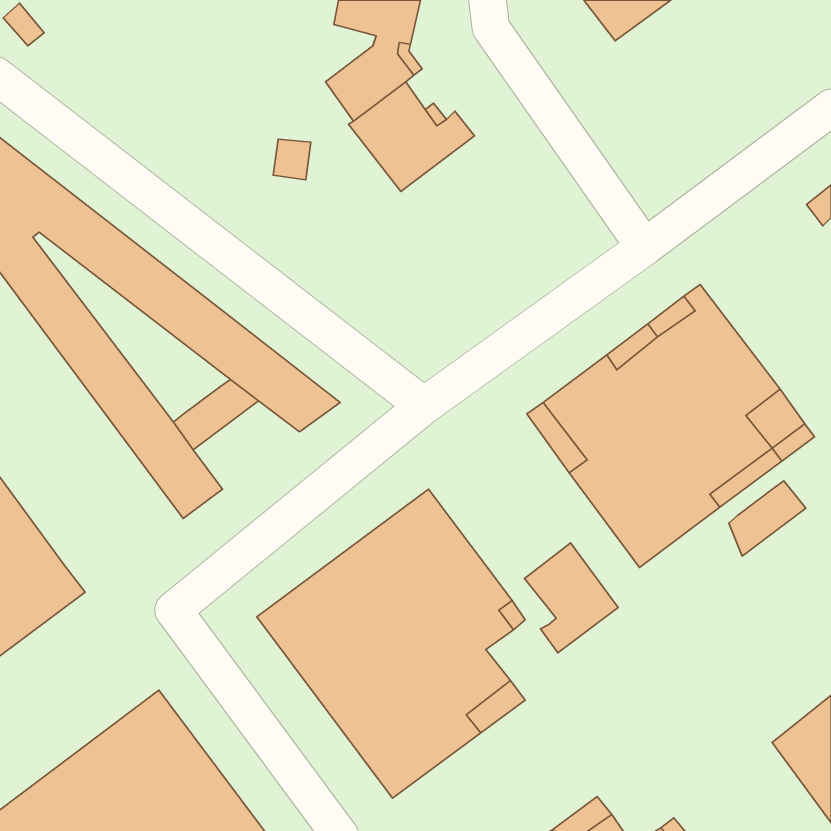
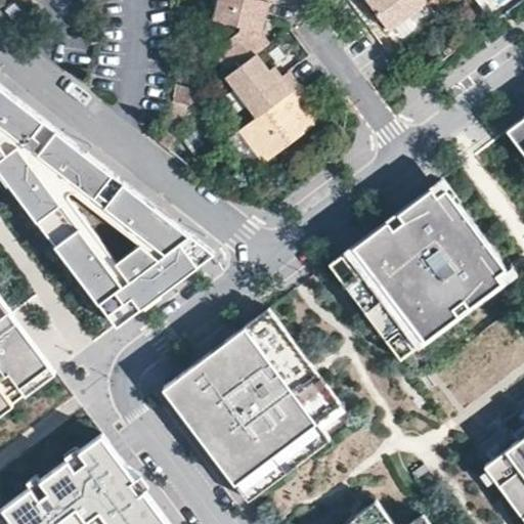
building: none -> [236,88,312,164]
building: none -> [20,148,144,267]
building: none -> [121,254,187,309]
building: [729,481,806,556] -> none
building: [524,543,618,653] -> none

